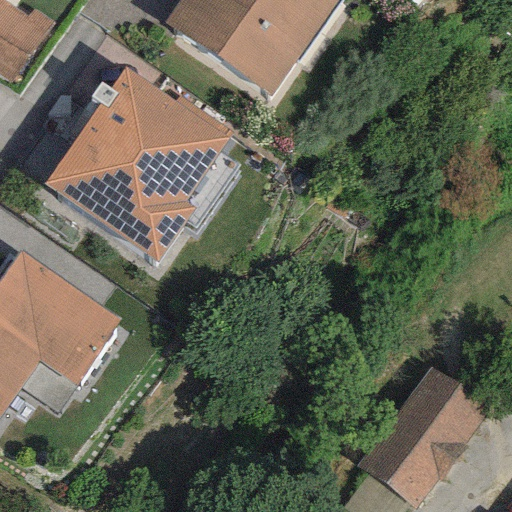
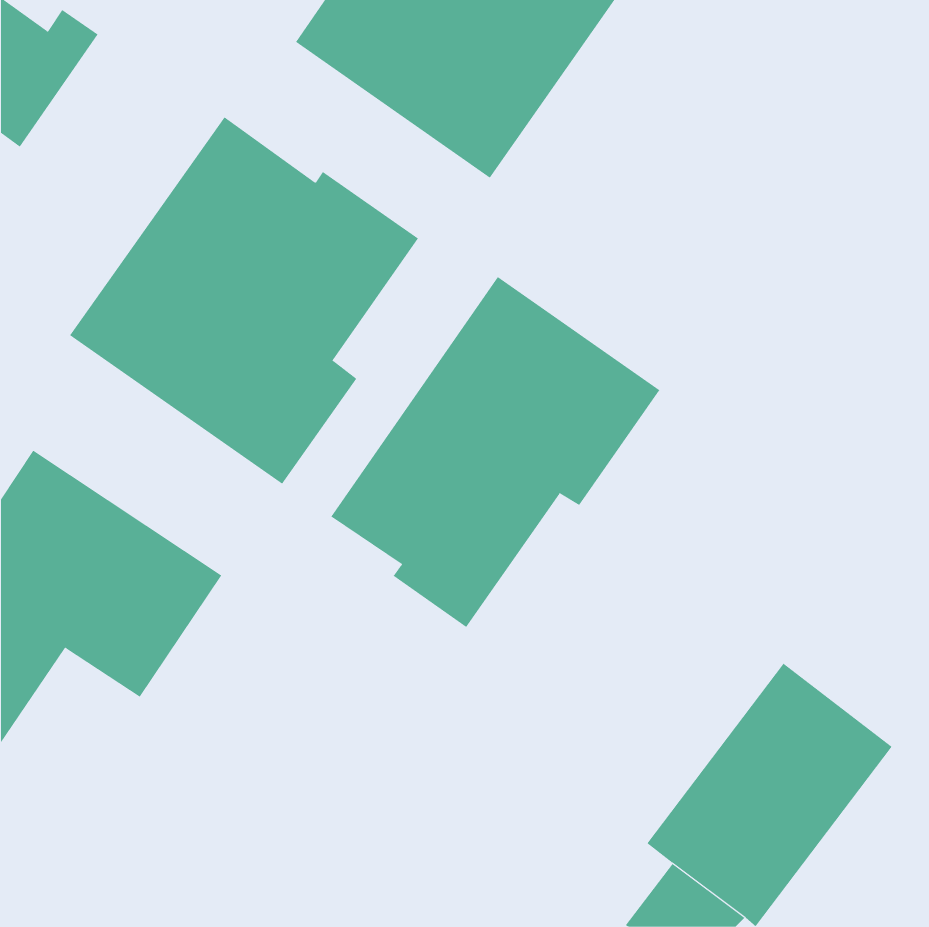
building: none -> [330,276,660,628]

